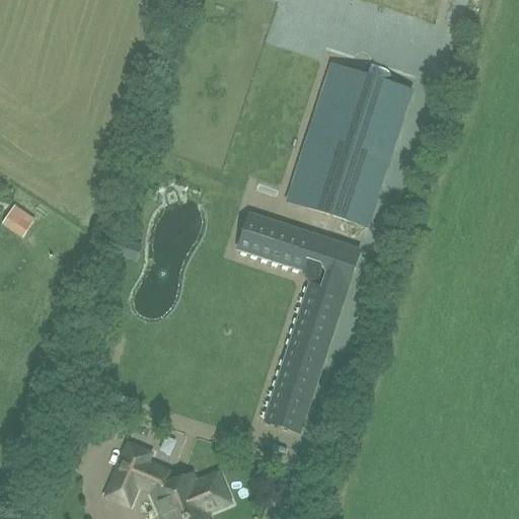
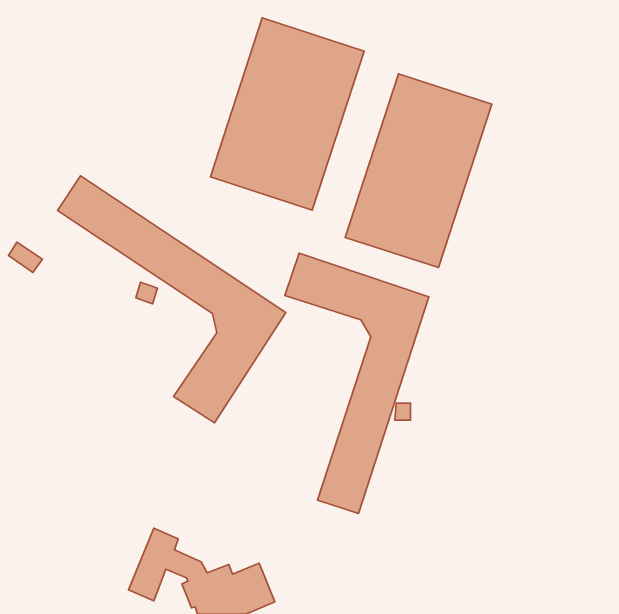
building: none -> [210,18,364,210]
building: none -> [58,176,286,423]

